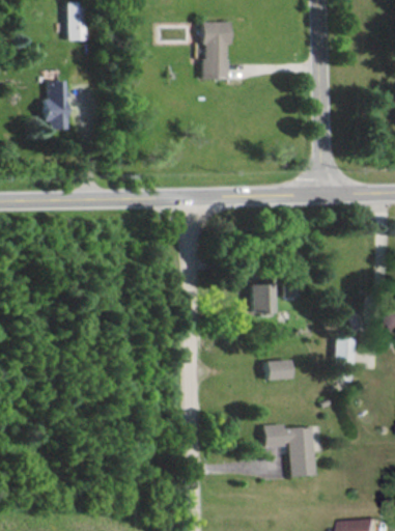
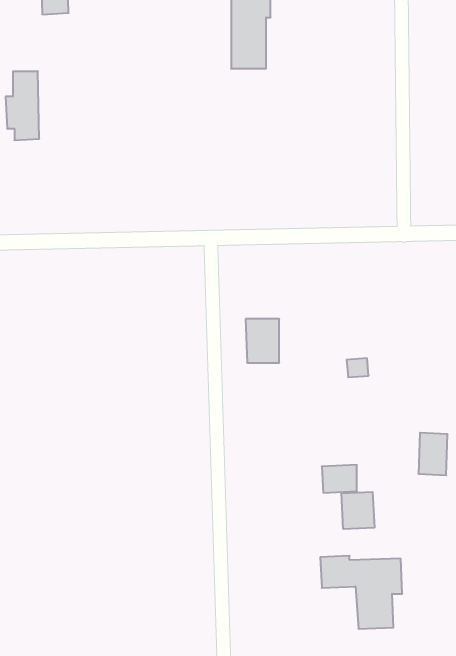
building: [250,284,274,315] -> [246,319,279,363]
building: none -> [341,492,374,529]

